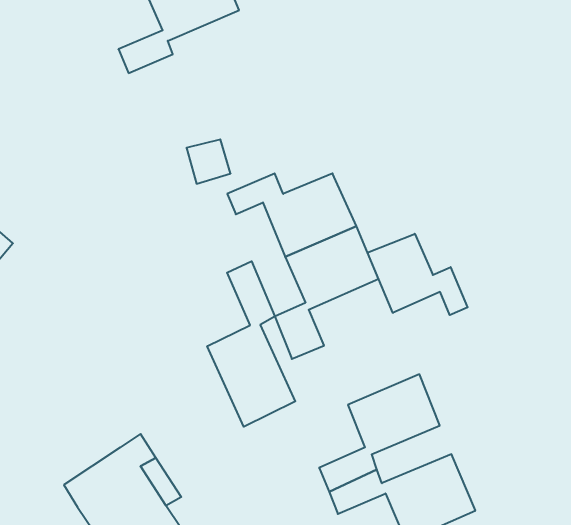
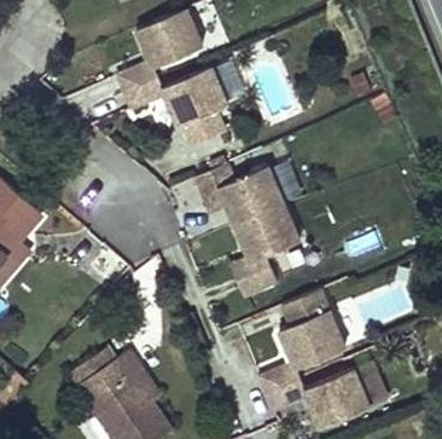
building: none -> [123,67,226,129]
building: [367,234,468,315] -> none
building: [207,261,295,427] -> none

